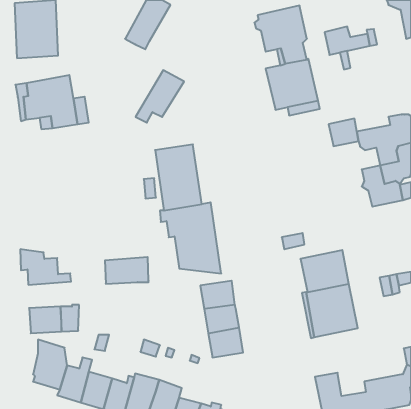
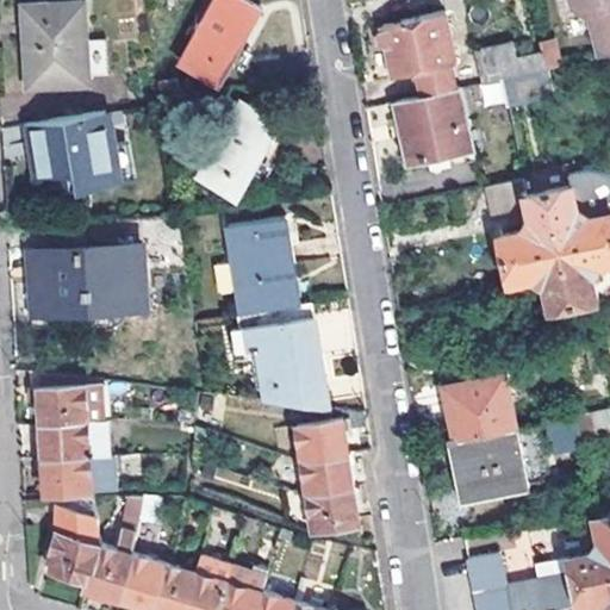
building: none -> [500,222,561,286]
building: none -> [32,250,145,316]
building: [105,257,149,284] -> [42,421,106,460]

